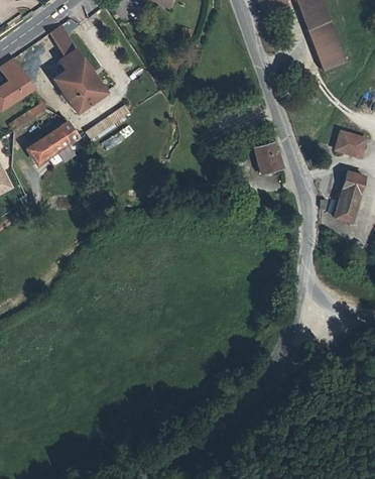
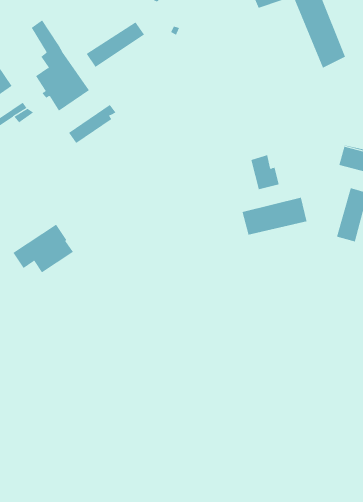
building: none -> [86,22,145,68]
building: [26,119,84,165] -> [13,224,74,273]
building: none -> [242,197,307,235]

